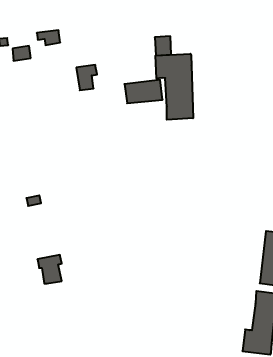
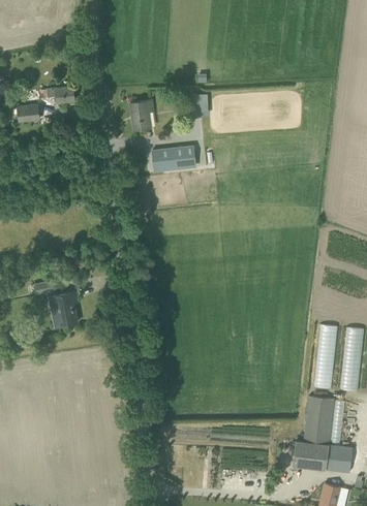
building: [155,54,193,120] -> none
building: [76,65,97,90] -> [129,100,154,130]
building: [37,255,62,284] -> [49,292,78,326]

